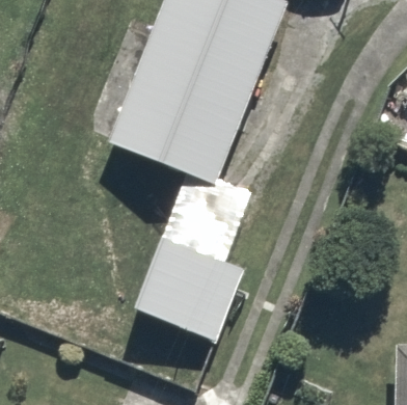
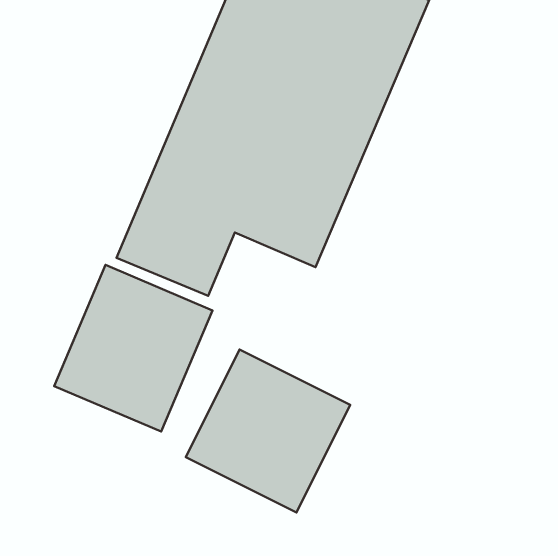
building: none -> [54,265,213,432]

